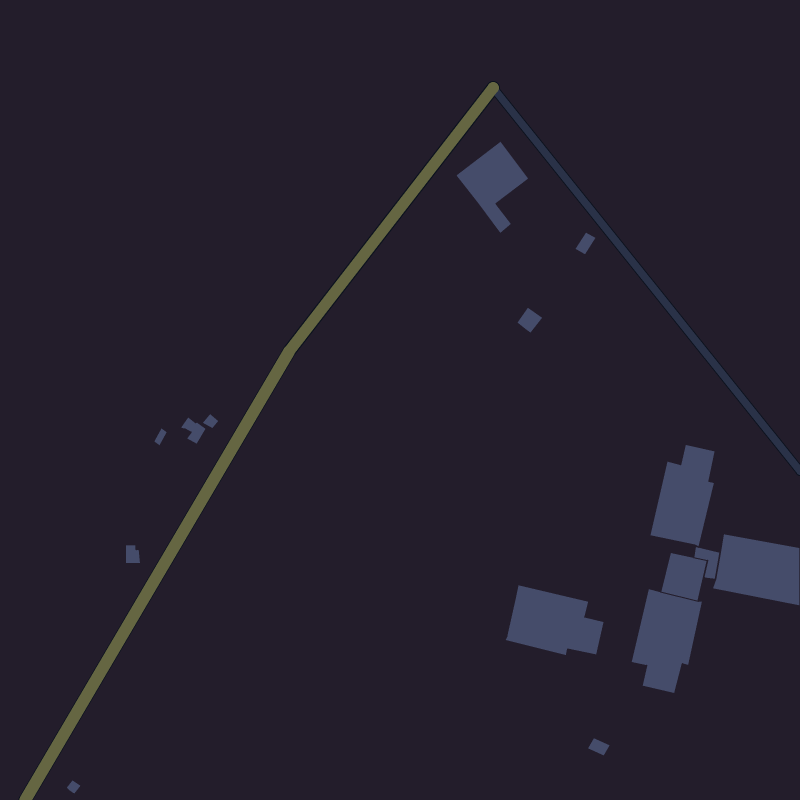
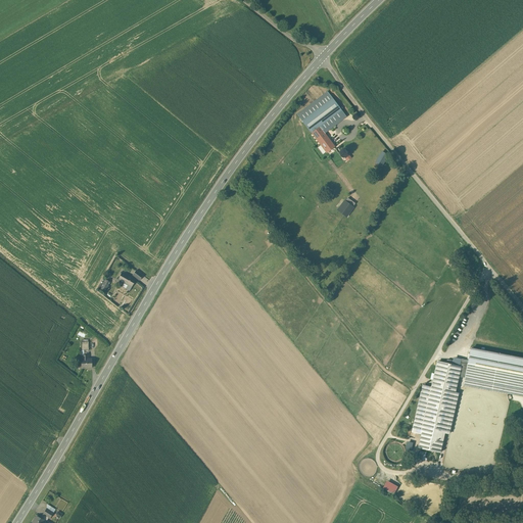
building: [650,444,715,547] -> none
building: [505,585,604,656] -> none

